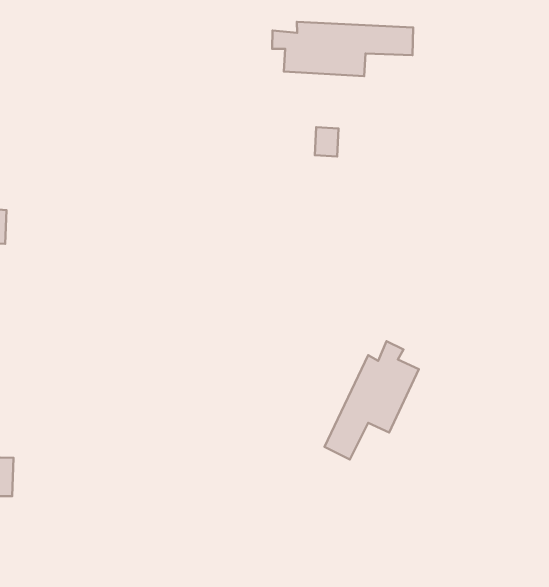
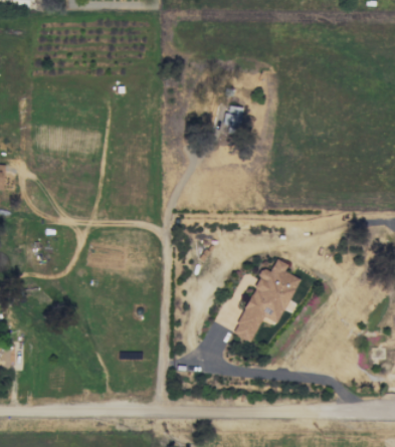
building: [272,22,413,76] -> none

